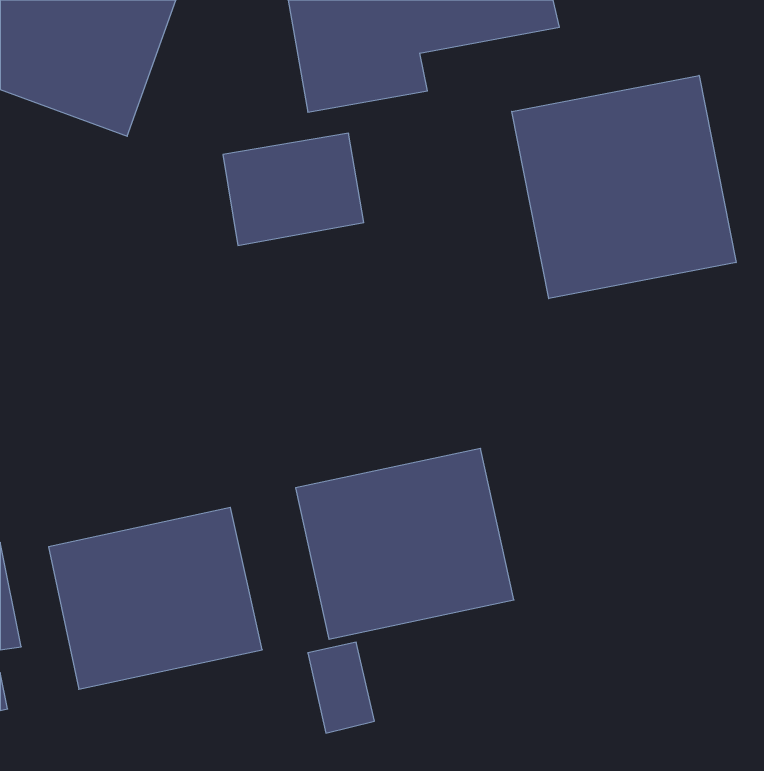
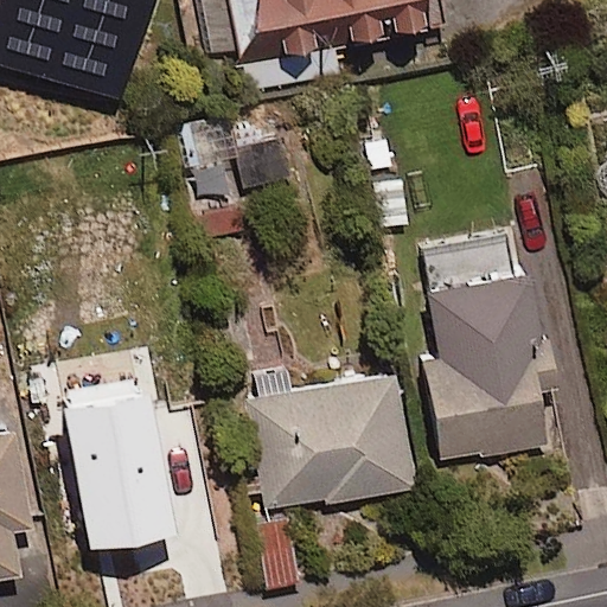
building: [512,75,736,299] -> none
building: none -> [421,251,557,451]

